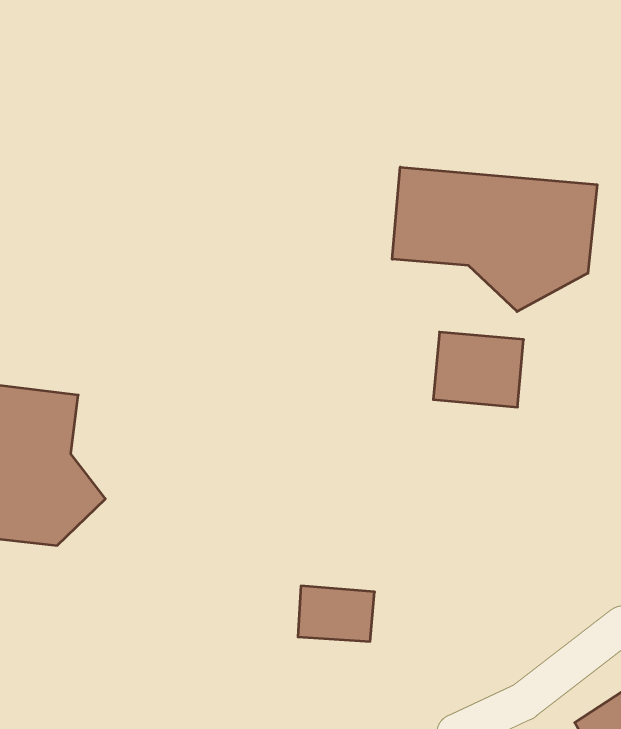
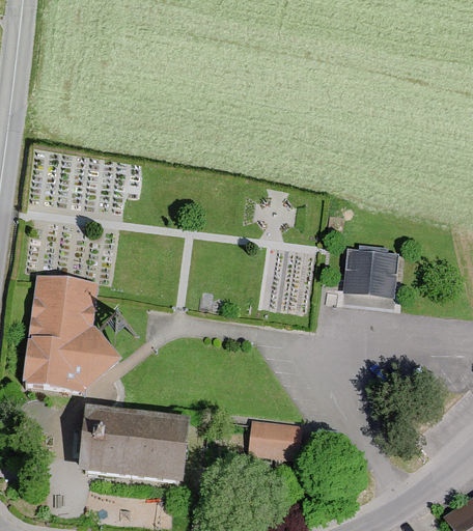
building: [392,167,597,312] -> none
building: none -> [79,407,188,483]

